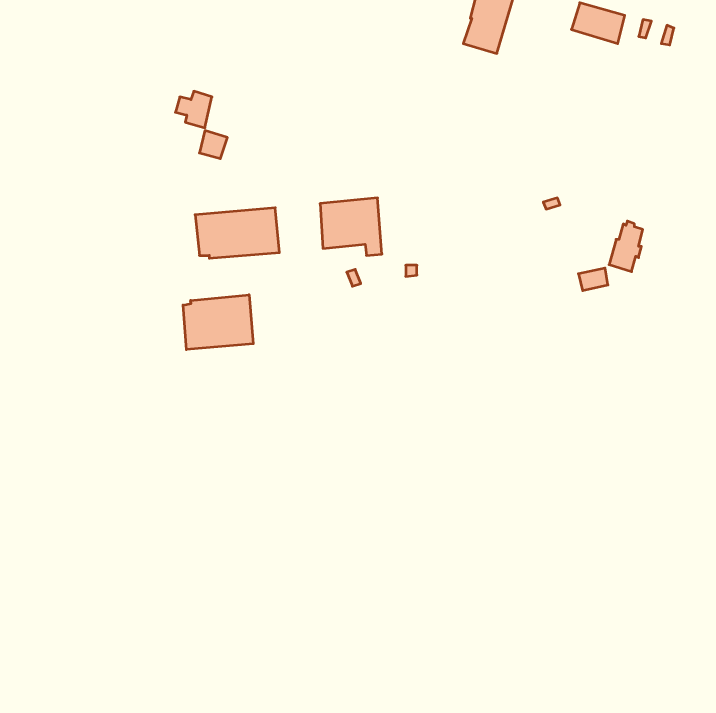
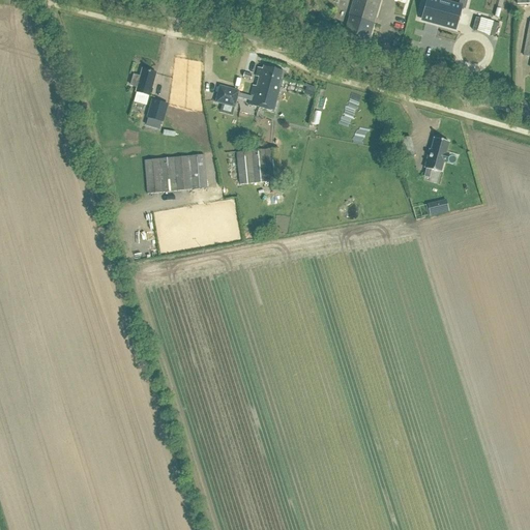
building: none -> [214,63,284,109]
building: [609,221,643,272] -> [423,132,448,170]
building: [183,295,253,350] -> none

